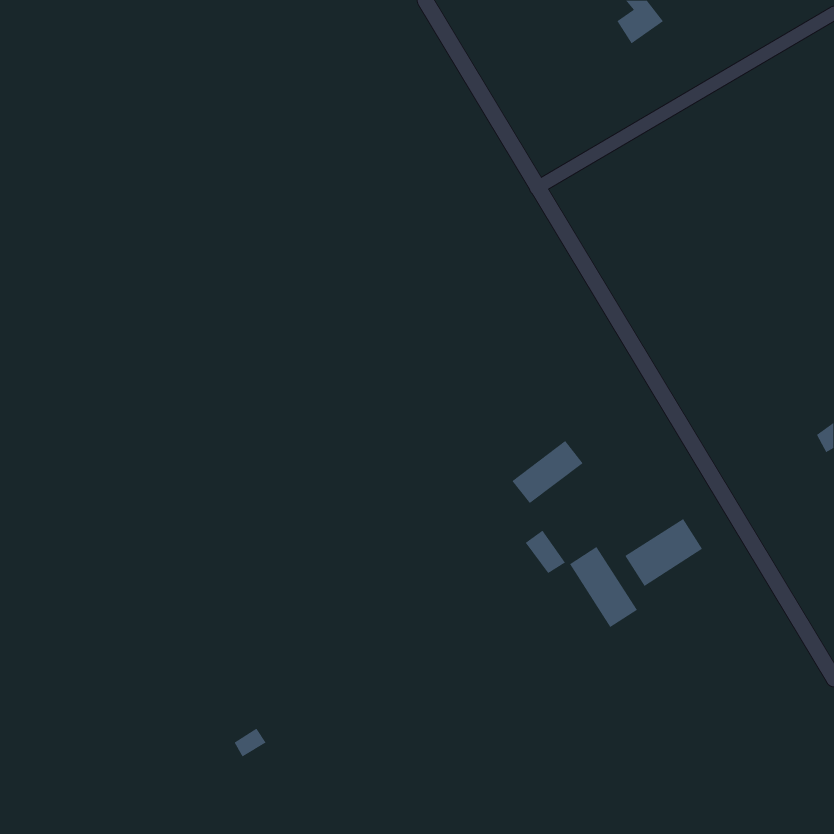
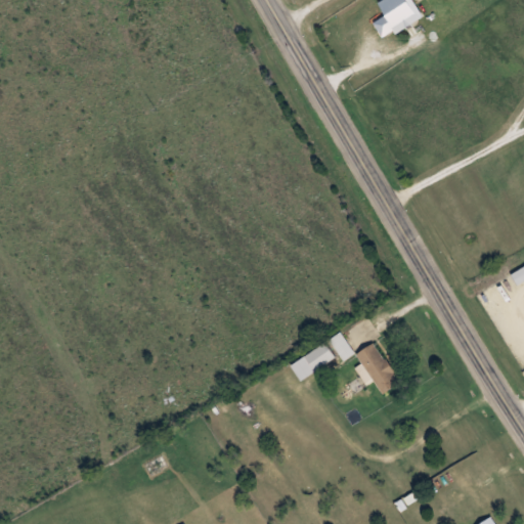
building: [511,440,583,504] -> [291,342,336,382]
building: [625,518,703,587] -> none

